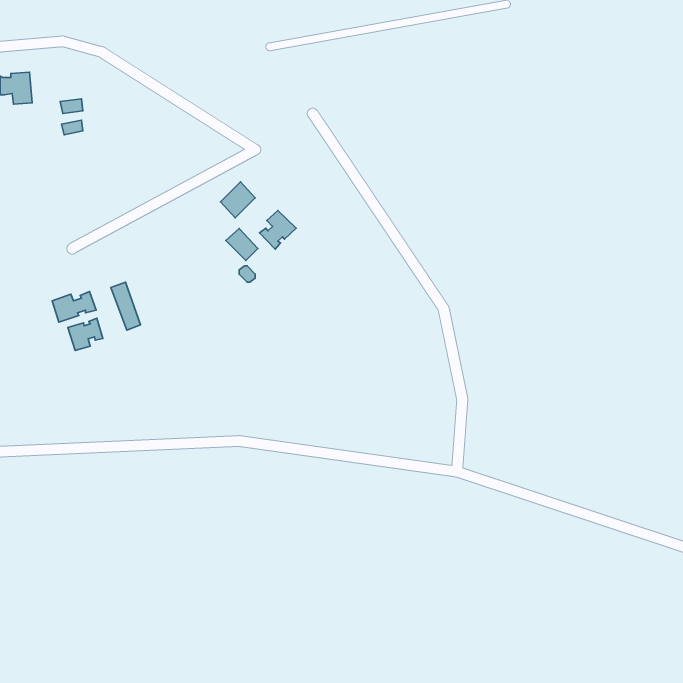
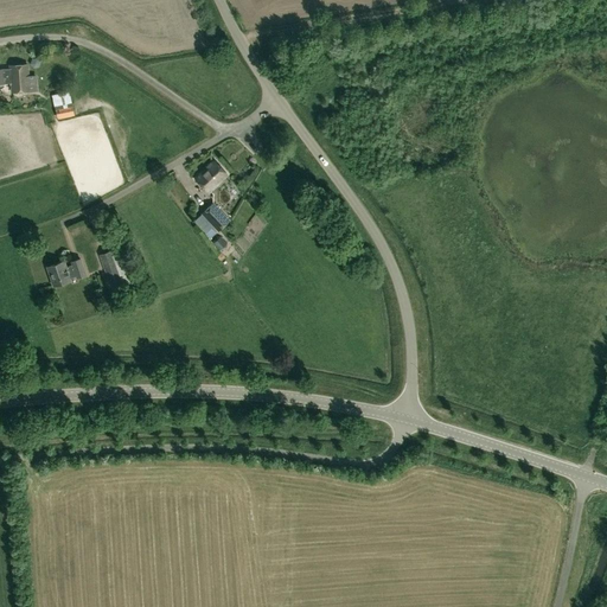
building: [260,210,296,249] -> none
building: [68,318,103,350] -> none

